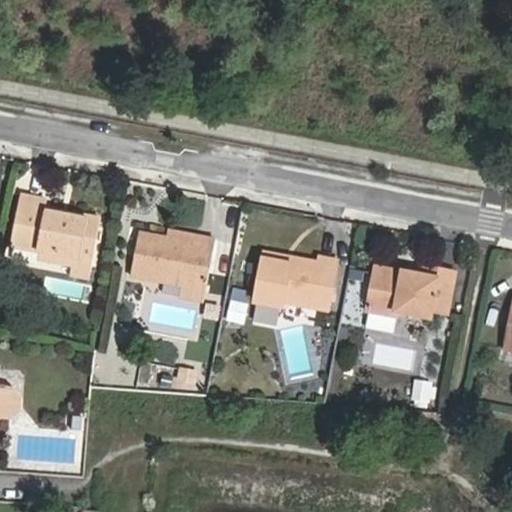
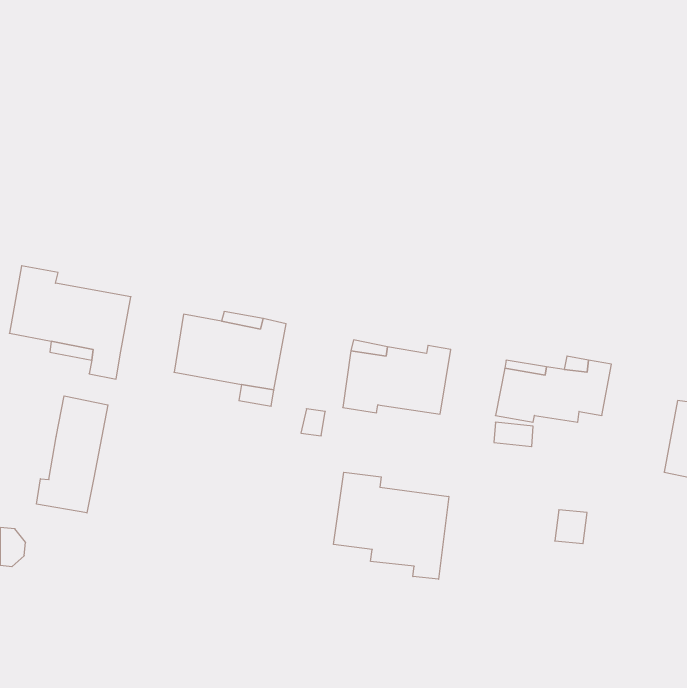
building: none -> [37,396,108,513]
building: none -> [333,472,449,579]

